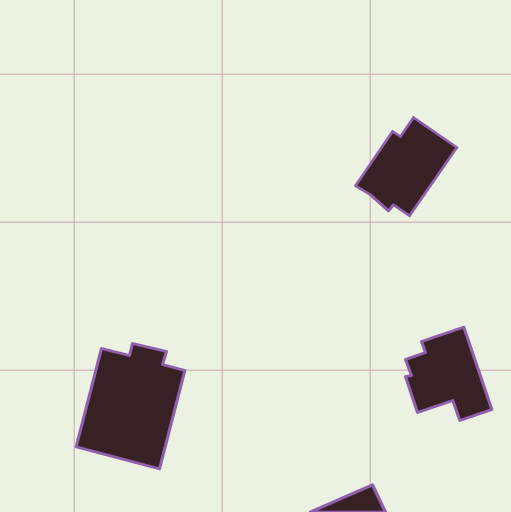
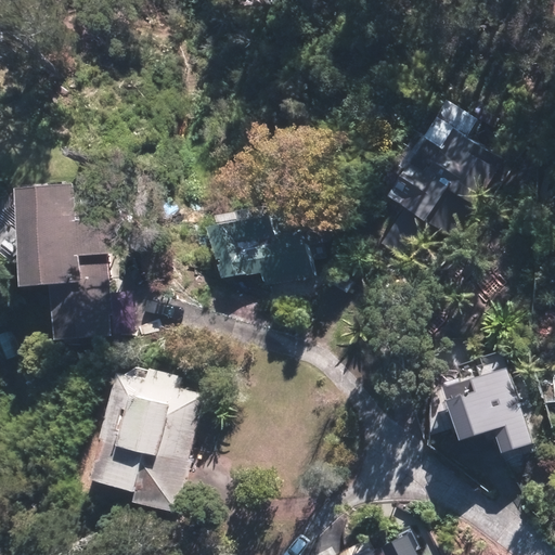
building: none -> [29,179,121,335]
building: none -> [207,224,313,286]

